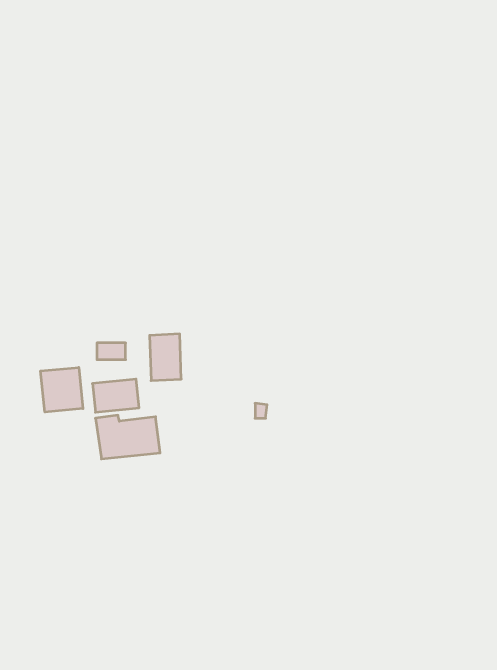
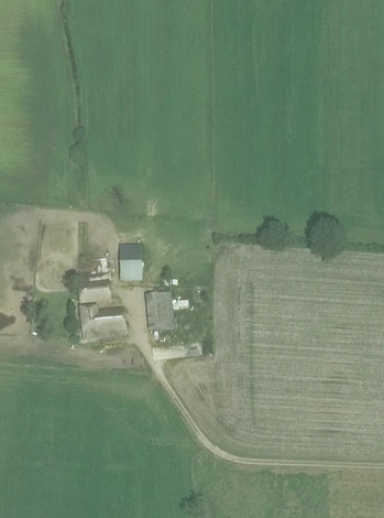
building: [41,367,83,412] -> none
building: none -> [144,295,174,333]

